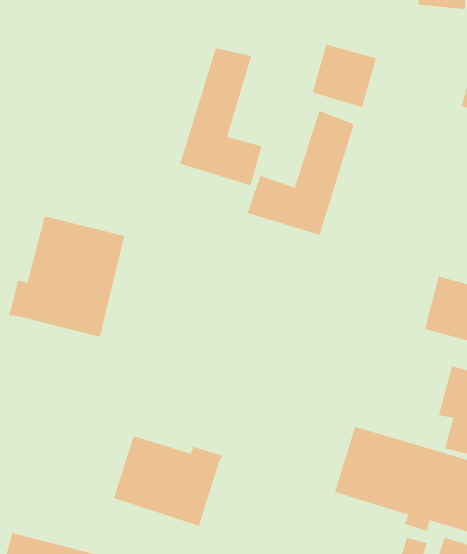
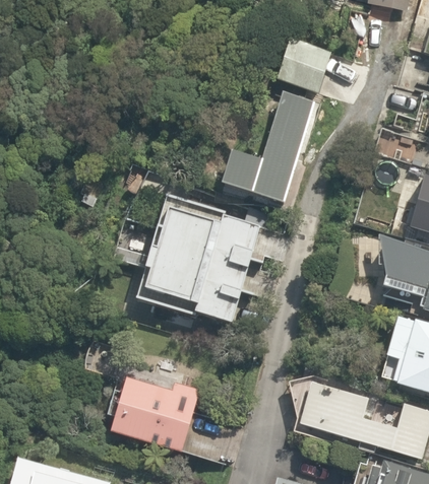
building: [180,48,262,186] -> none
building: [8,215,125,337] -> none
building: none -> [137,192,280,323]

